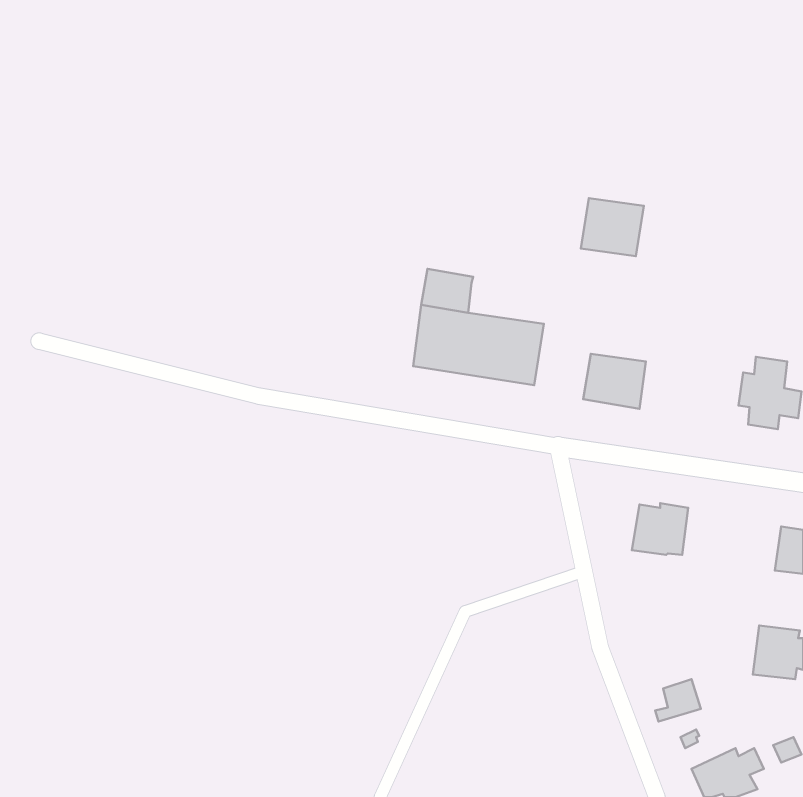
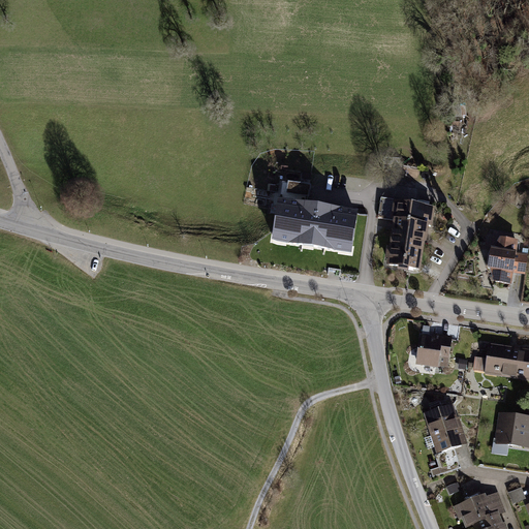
building: [581,198,644,256] -> [388,199,430,238]
building: none -> [474,342,514,375]
building: none -> [423,401,468,450]

